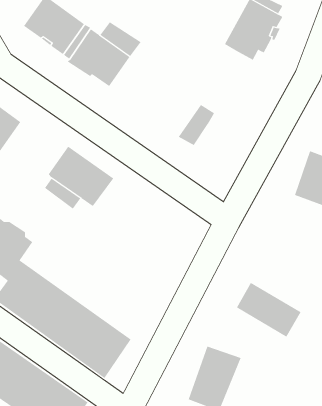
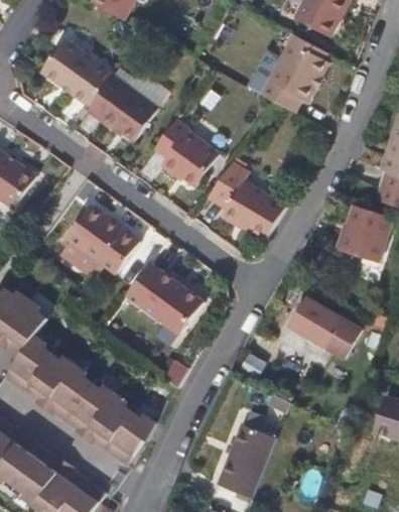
building: none -> [152,117,216,183]
building: none -> [220,180,286,242]
building: none -> [124,261,201,333]
building: [236,282,302,338] -> [290,299,363,361]

